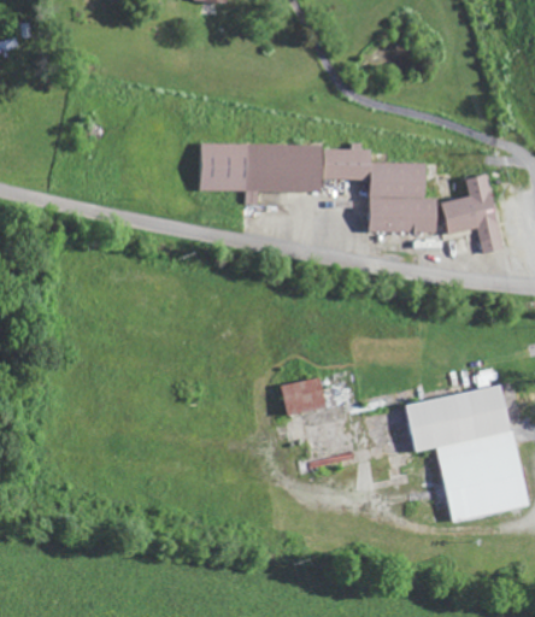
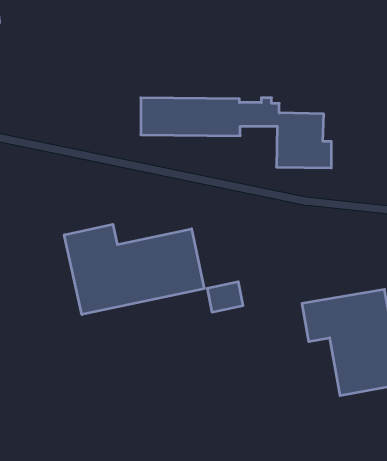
building: [443,174,504,253] -> none
building: none -> [64,224,204,315]

